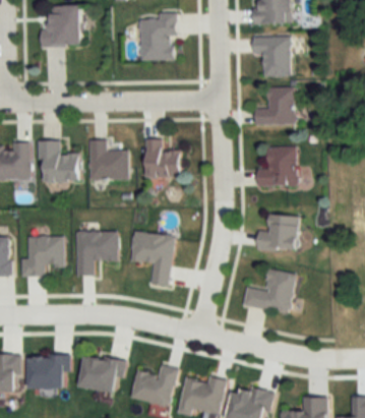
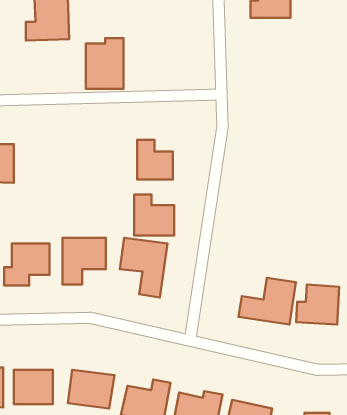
building: [139,12,175,60] -> [86,38,124,89]
building: [252,37,289,77] -> none
building: [254,87,293,125] -> none
building: [40,140,79,182] -> none
building: [89,140,127,179] -> [134,194,174,236]
building: [257,147,295,186] -> none
building: [257,215,298,252] -> [296,285,339,324]

